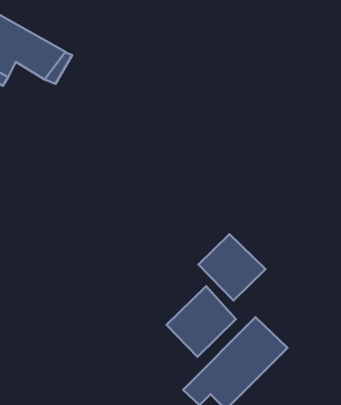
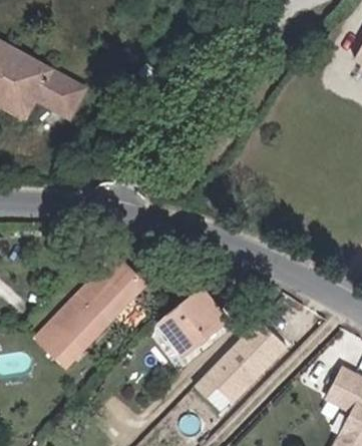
building: [198,234,265,300] -> none
building: none -> [35,262,143,367]

